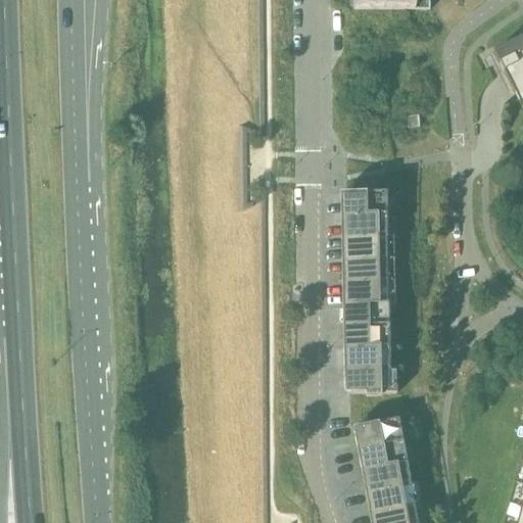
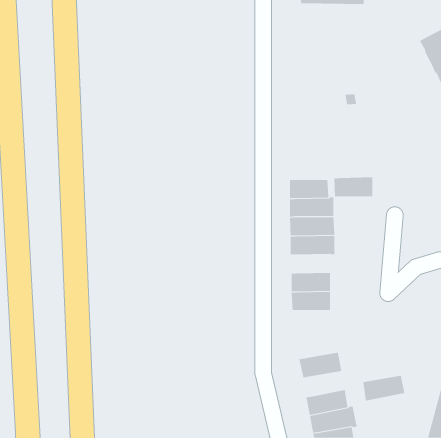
building: [342,188,389,211] -> [333,177,373,197]
building: [344,299,392,322] -> none
building: [346,364,399,392] -> none
building: [360,437,410,468] -> [363,375,405,401]

